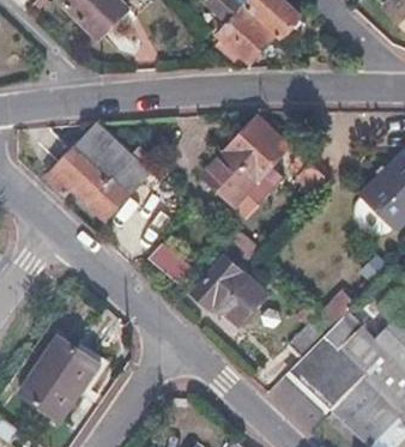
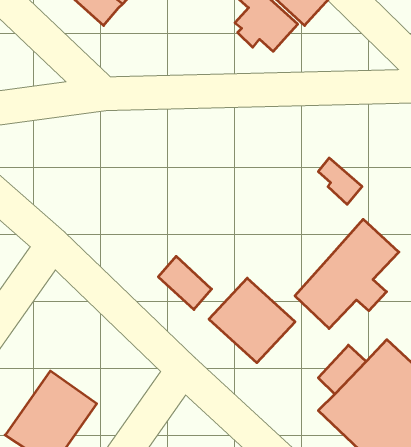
building: [194,120,285,216] -> [295,219,399,329]
building: [46,123,151,222] -> none

